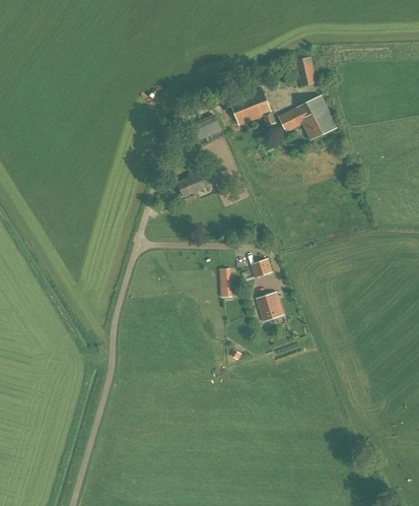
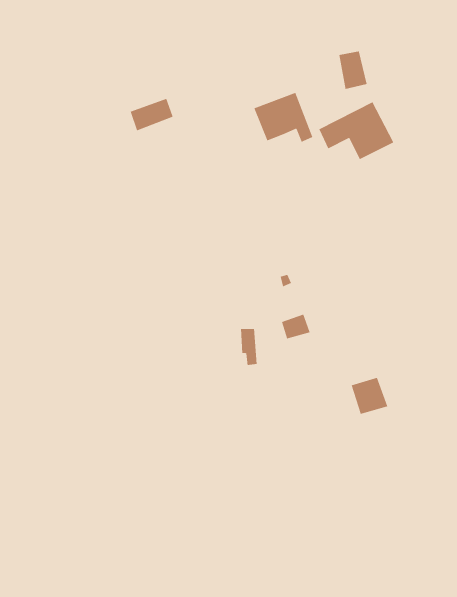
building: [186,116,219,141] -> [130,98,174,131]
building: [177,172,207,197] -> none
building: [256,293,284,321] -> [351,377,388,414]

